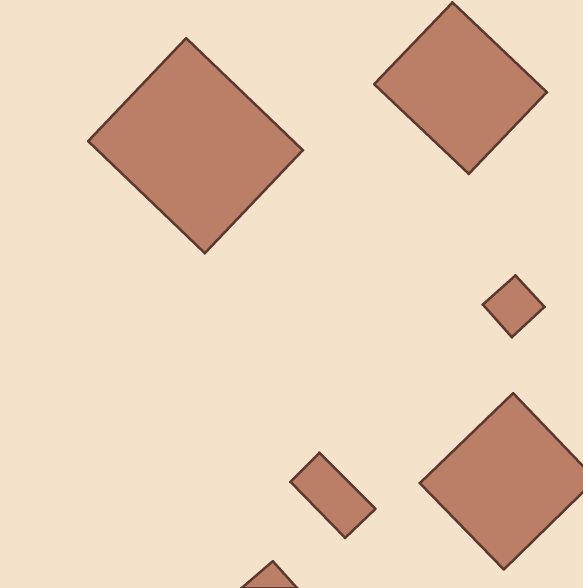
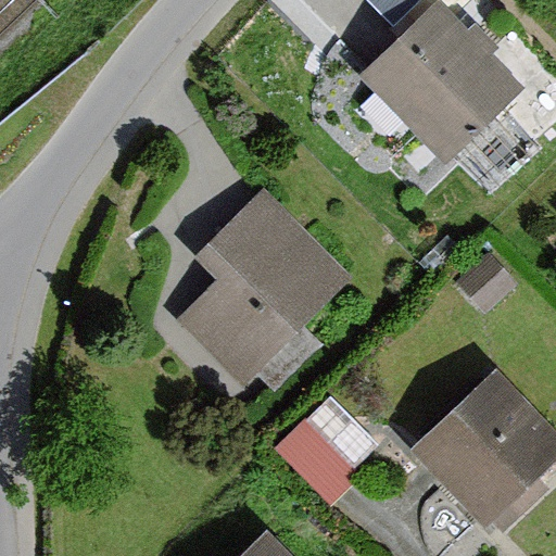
building: [88,38,303,253] -> none
building: none -> [180,191,355,386]

